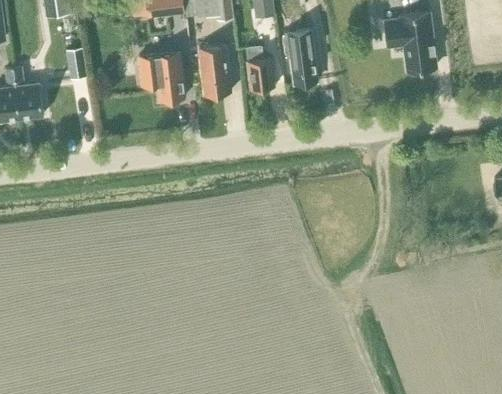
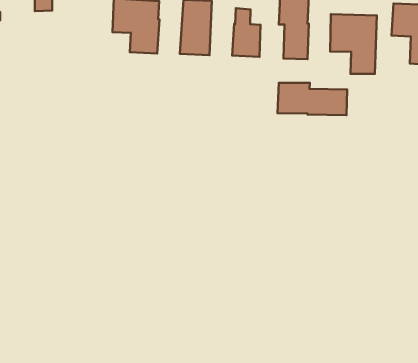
building: none -> [330,14,377,74]
building: none -> [277,83,347,115]

